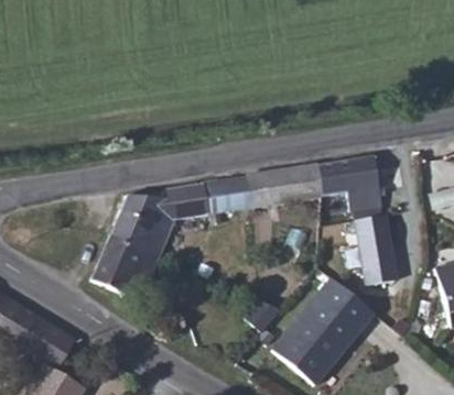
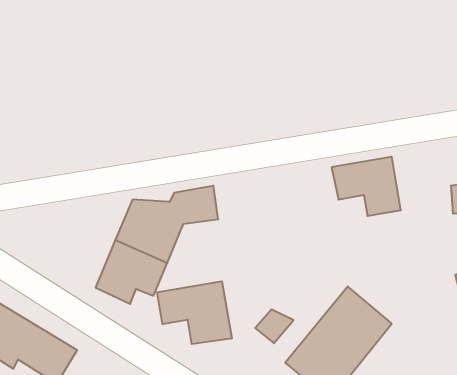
building: [205,164,324,213] -> none
building: [357,215,397,284] -> none
building: none -> [157,281,232,344]

